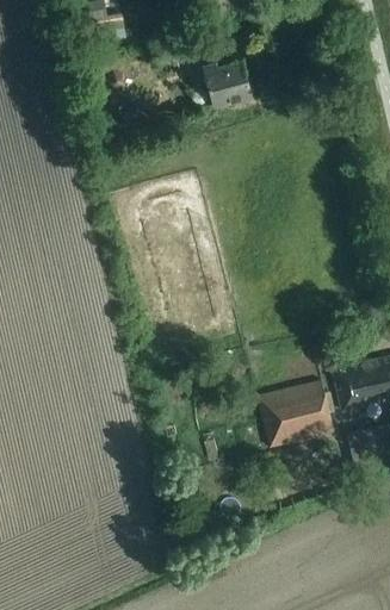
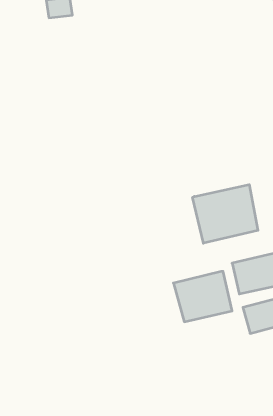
building: [203,61,255,106] -> none
building: none -> [193,185,258,243]

